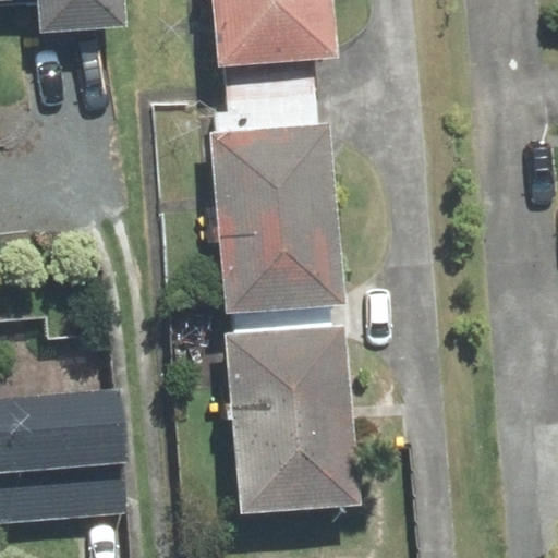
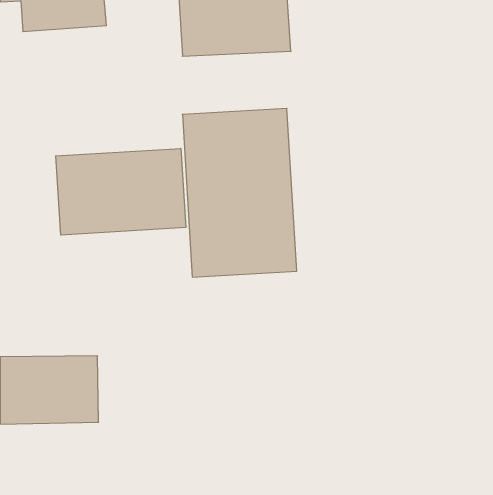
building: none -> [56,148,186,235]
building: [229,330,357,512] -> none

